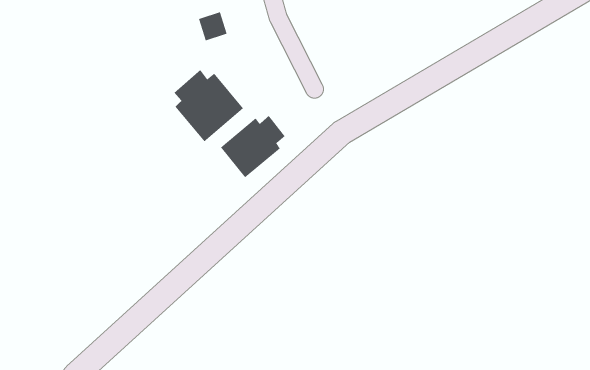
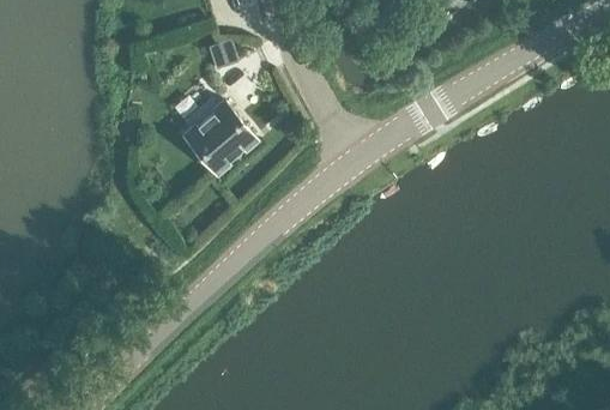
building: [220,115,286,178] -> none

